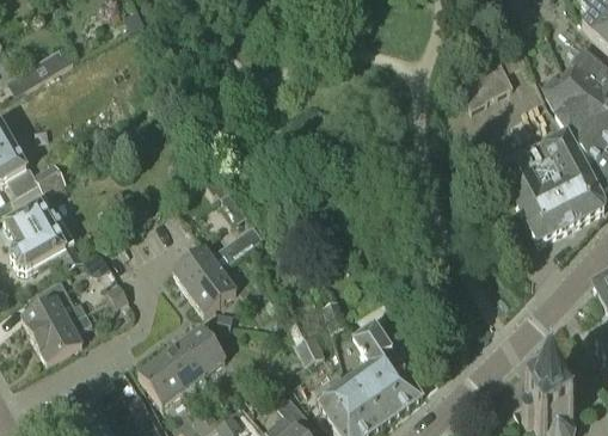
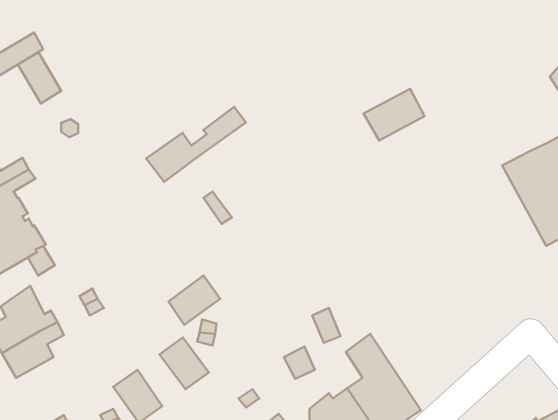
building: [455,61,511,109] -> [364,89,424,141]
building: none -> [18,52,61,103]
building: [172,225,264,294] -> [146,107,246,182]
building: [160,343,204,391] -> none

